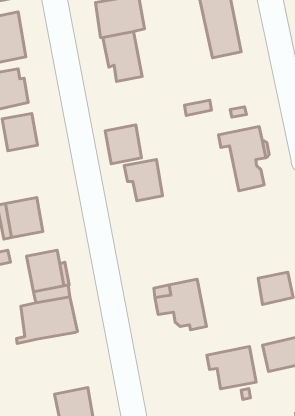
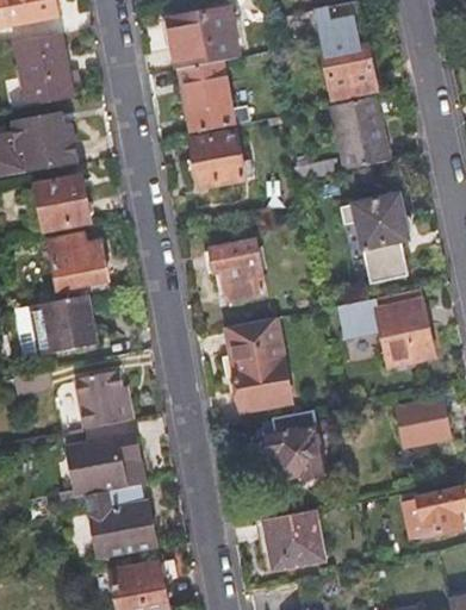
building: none -> [331,95,389,169]
building: [105,125,142,164] -> [191,132,242,187]
building: none -> [50,234,106,287]
building: none -> [341,297,436,371]
building: none -> [229,317,291,407]
building: none -> [87,484,155,554]
building: [207,347,256,389] -> [255,509,324,568]

